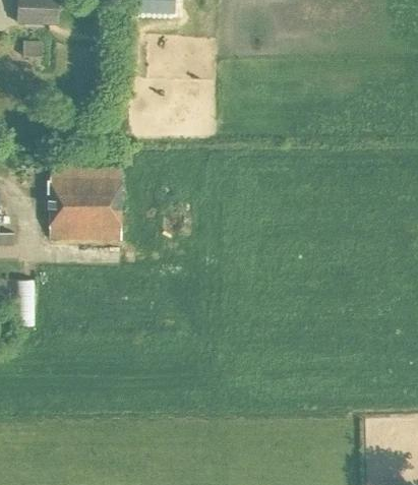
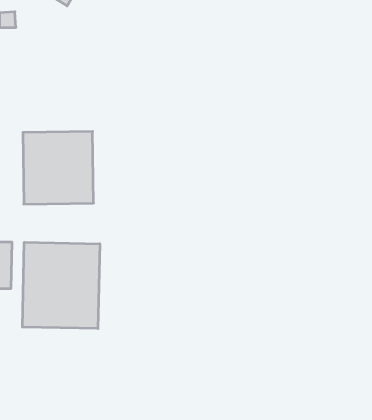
building: none -> [22,242,100,329]

